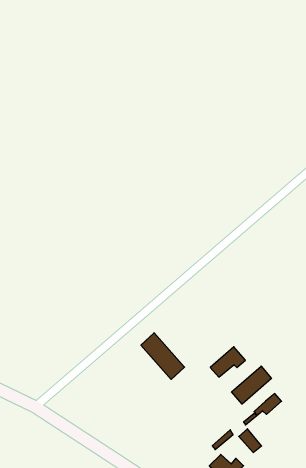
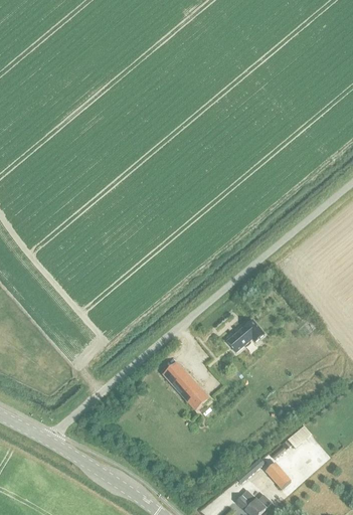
building: [210,347,245,377] -> [227,319,264,351]
building: [232,366,271,404] -> none

